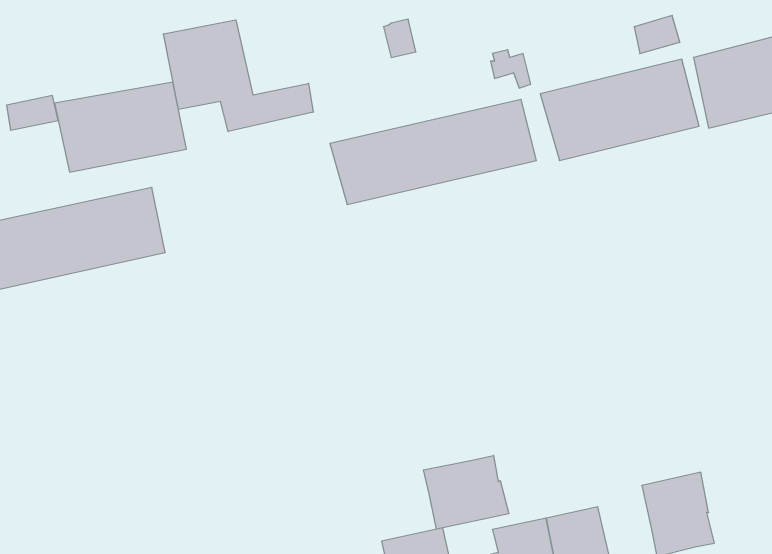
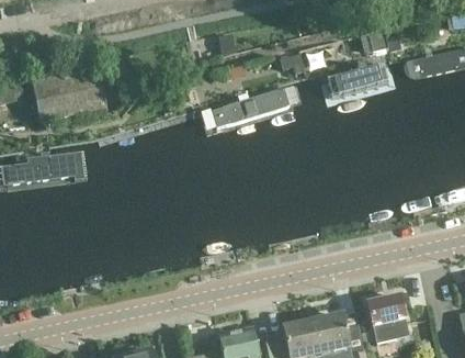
building: [163,20,313,132] -> none
building: [423,455,509,529] -> none

